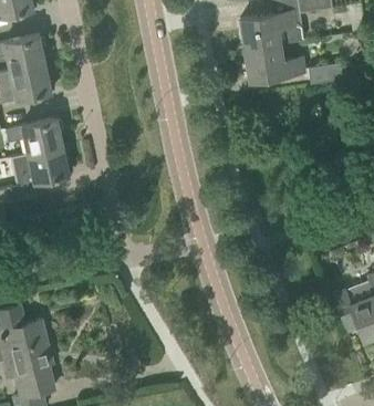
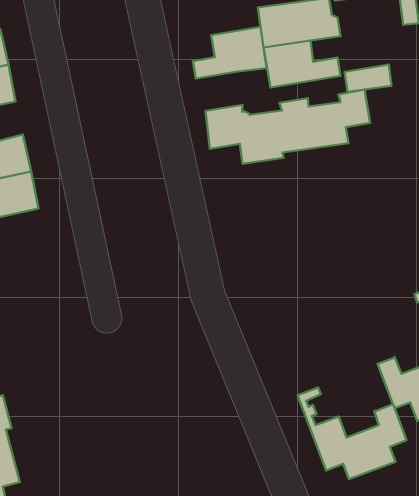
building: none -> [193,27,267,78]
building: none -> [205,89,370,164]
building: none -> [298,388,406,479]

